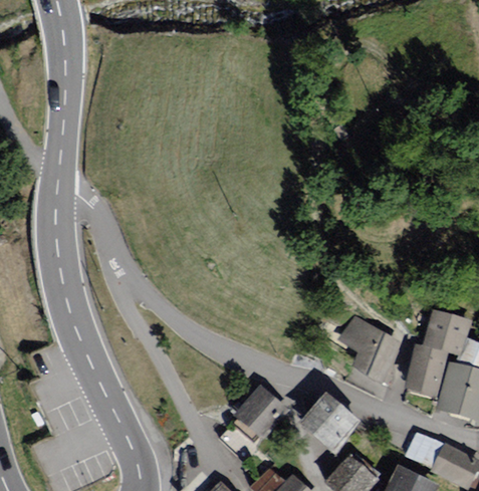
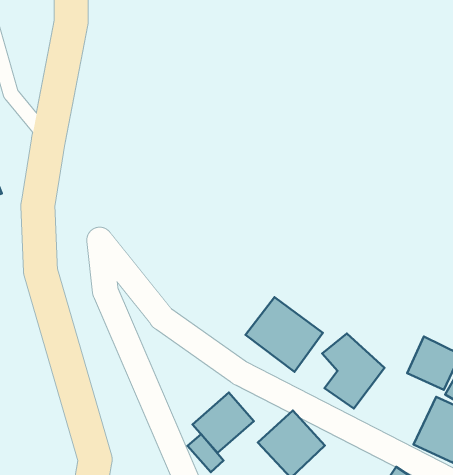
building: none -> [245,297,323,372]
building: [402,346,446,397] -> none

